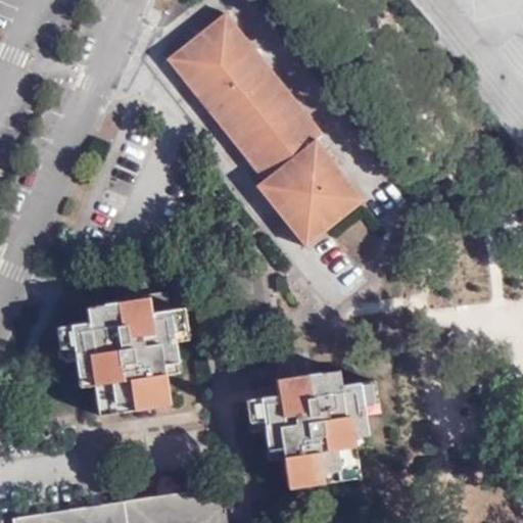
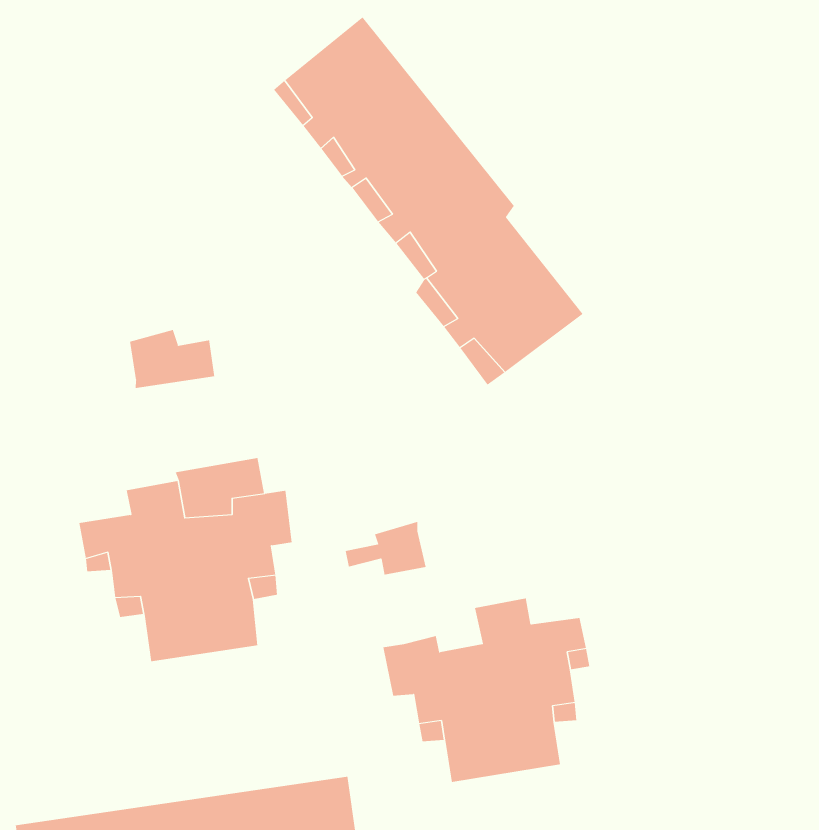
building: none -> [130,329,215,389]
building: [250,377,301,411] -> [345,521,426,575]

